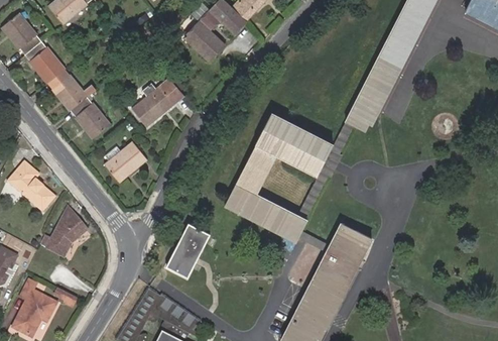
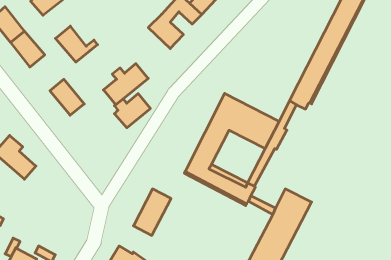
building: [47,69,96,110] -> [55,26,98,62]
building: [105,142,146,182] -> [114,94,150,128]
building: [39,208,87,258] -> none

